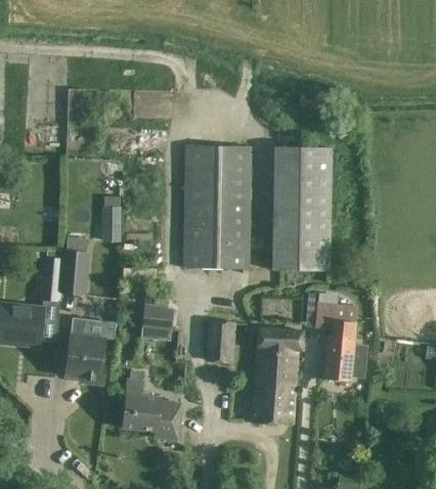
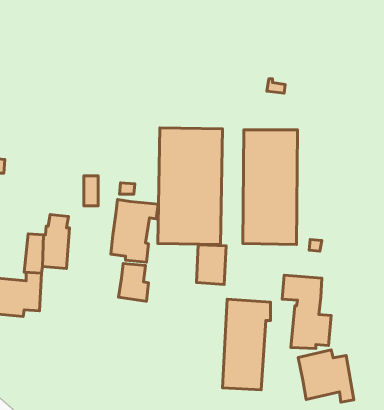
building: [66,317,116,384] -> [111,199,158,262]
building: [205,320,236,362] -> [196,245,226,284]
building: [123,380,181,439] -> none
building: none -> [298,350,354,402]

